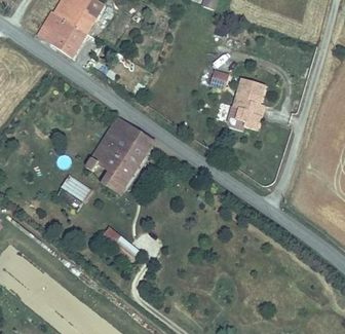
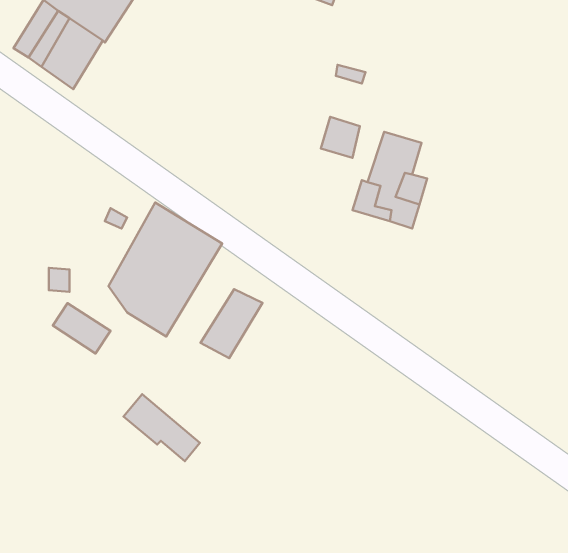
building: none -> [200,289,262,358]

